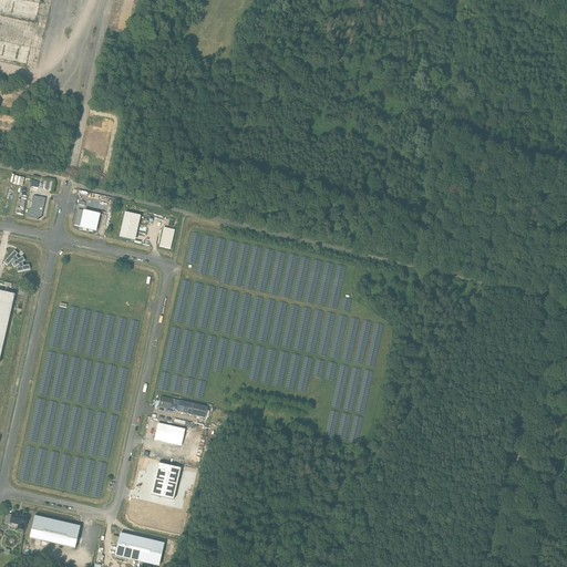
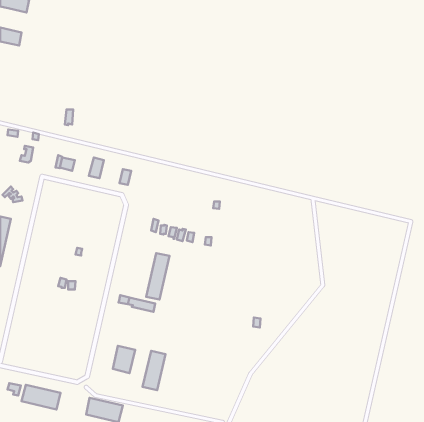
building: none -> [146,253,169,300]
building: [154,421,185,444] -> none
building: none -> [143,351,166,390]

